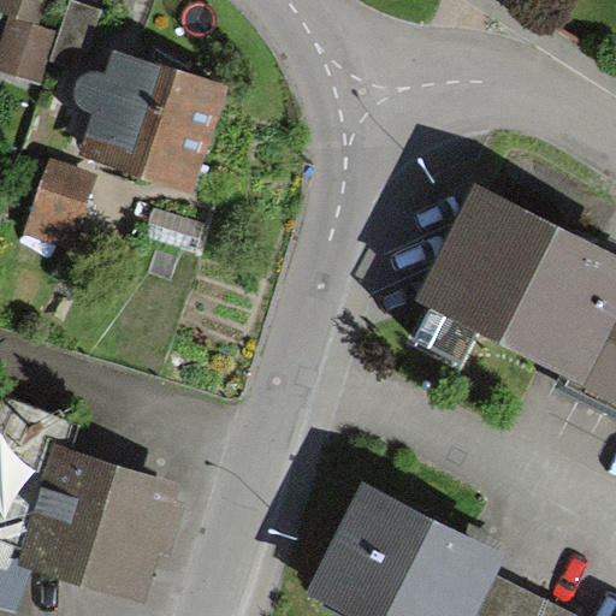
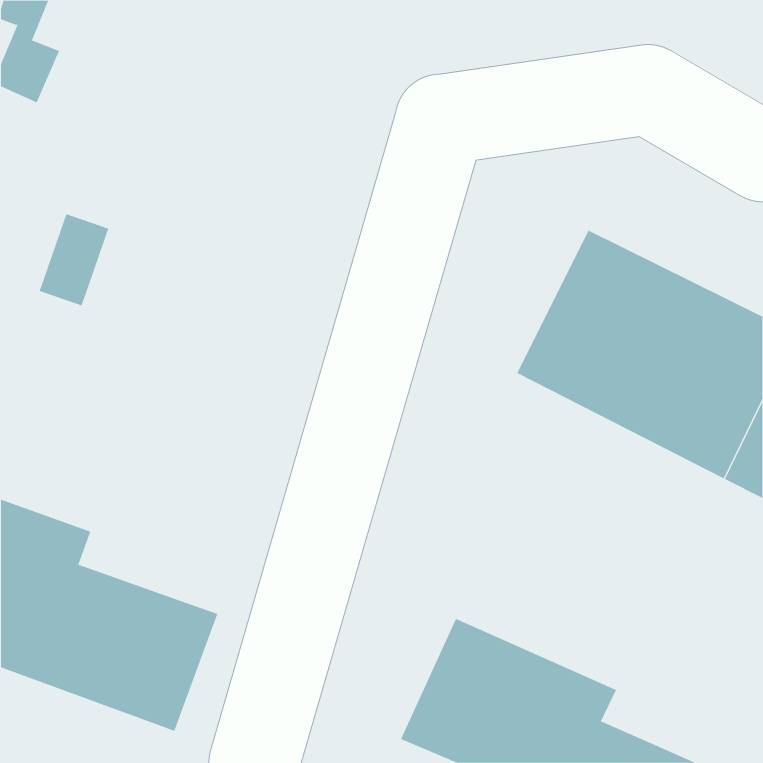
building: [78,59,217,189] -> none

